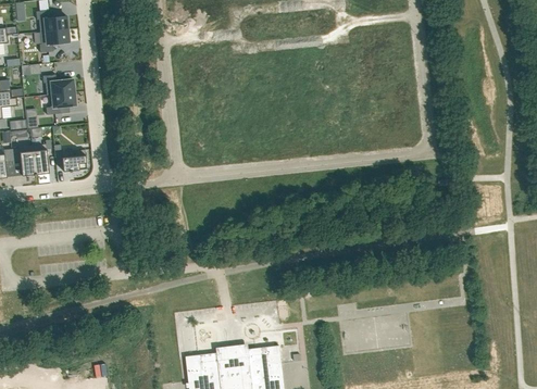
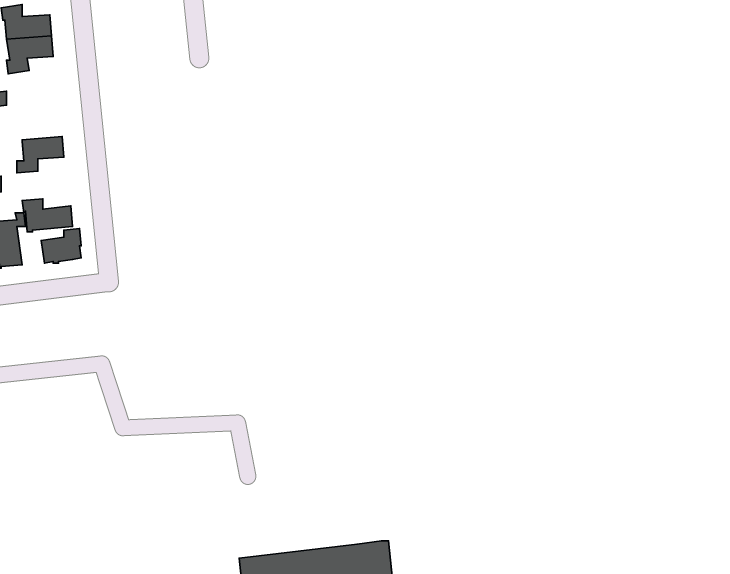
building: [42,75,74,96] -> [22,199,72,232]

